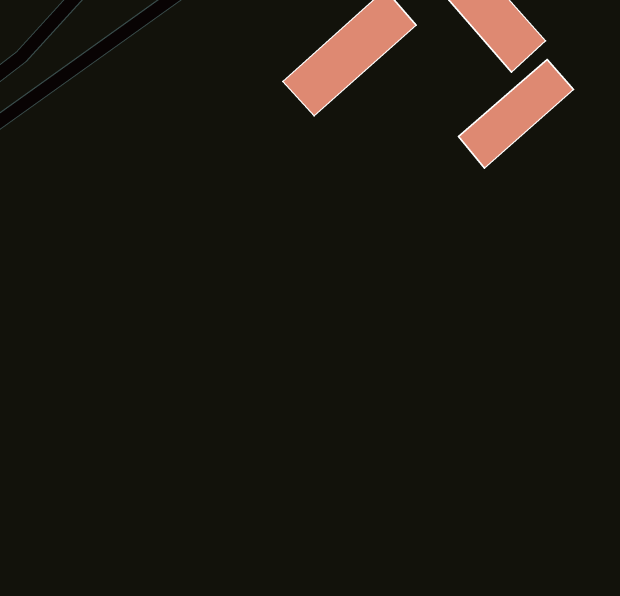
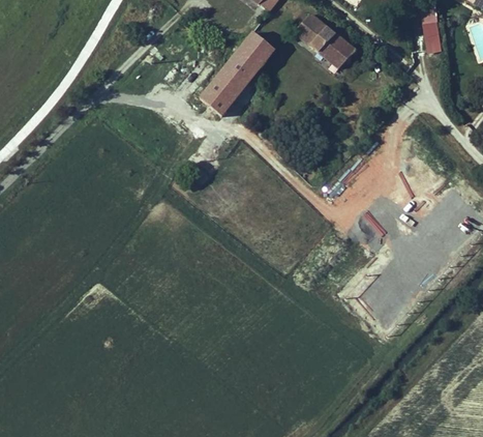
building: [458,59,574,168] -> none

